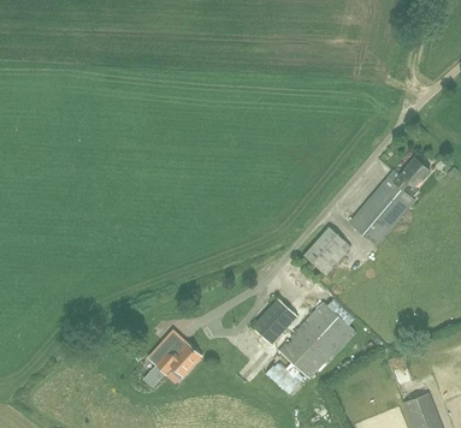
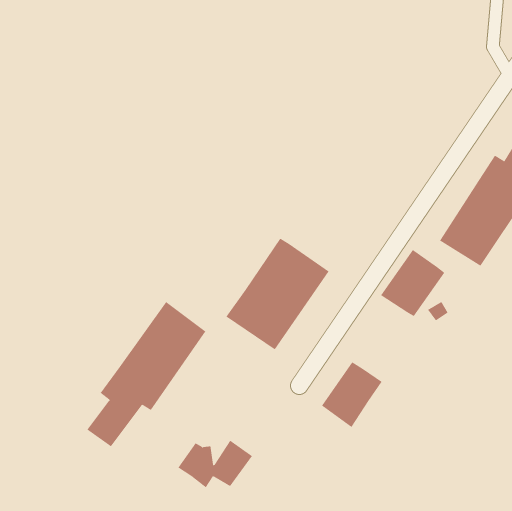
building: none -> [87,301,206,447]
building: [278,301,354,378] -> [225,238,329,350]

